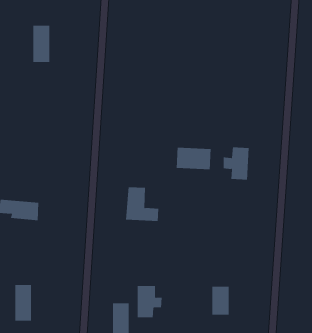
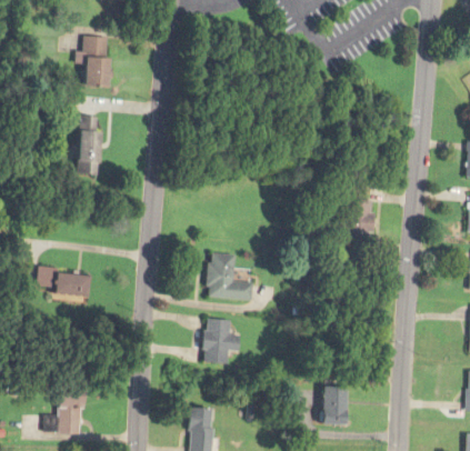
building: none -> [76,117,101,176]
building: [176,147,211,170] -> none
building: [137,286,163,318] -> [204,320,239,363]

